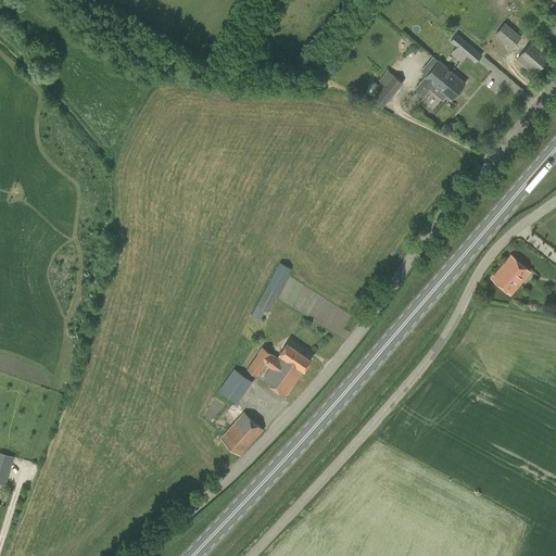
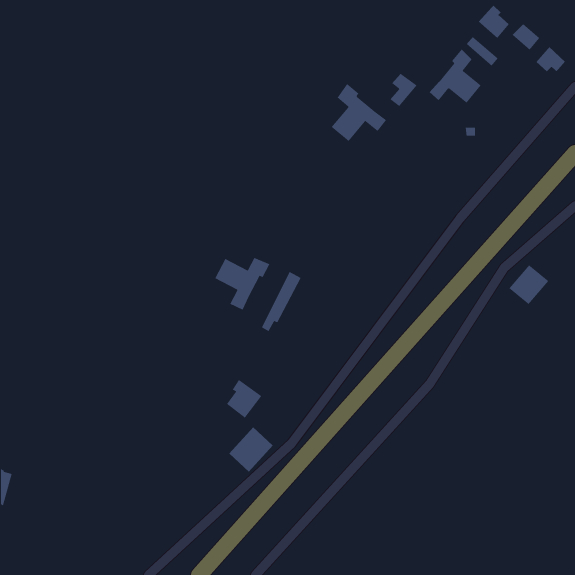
building: none -> [478,5,510,39]
building: none -> [331,83,387,142]
building: none -> [214,257,270,310]
building: [247,342,312,396] -> none

